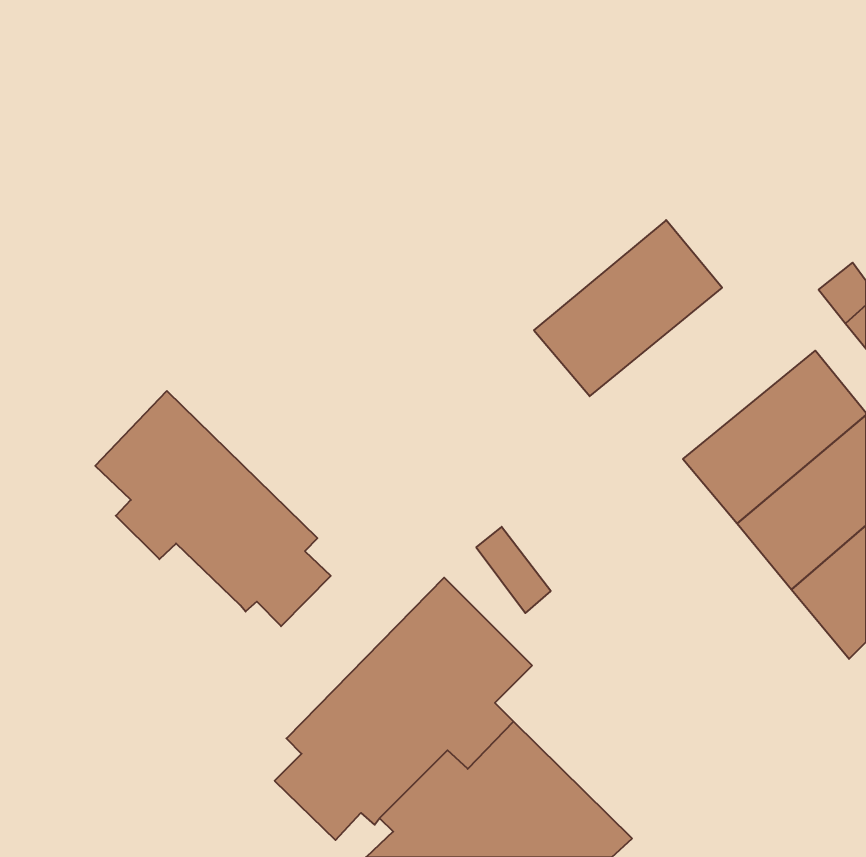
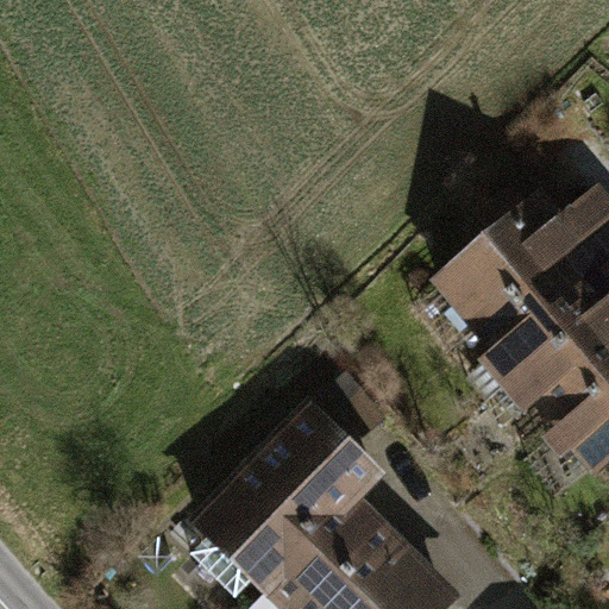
building: [534,220,722,396] -> [440,199,572,322]
building: [95,391,331,626] -> none

